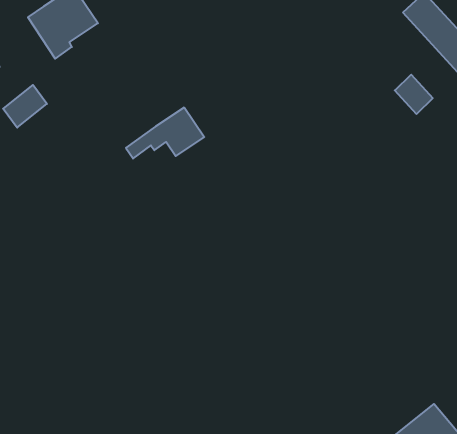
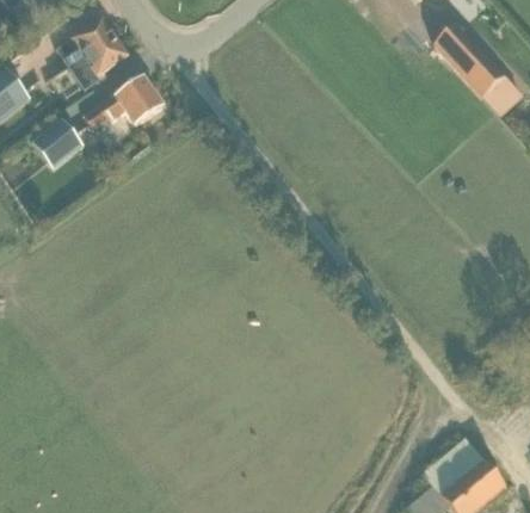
building: [395,75,433,114] -> none
building: [126,108,204,159] -> [86,76,165,128]

